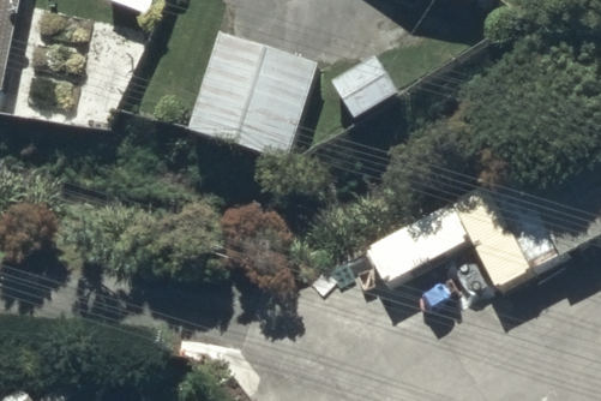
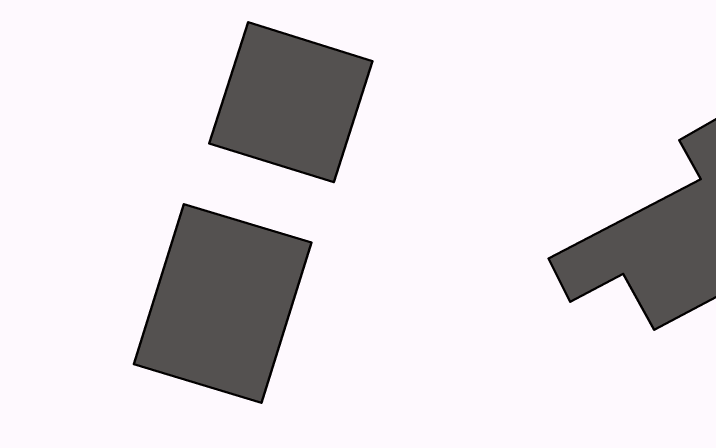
building: none -> [134,204,312,403]

